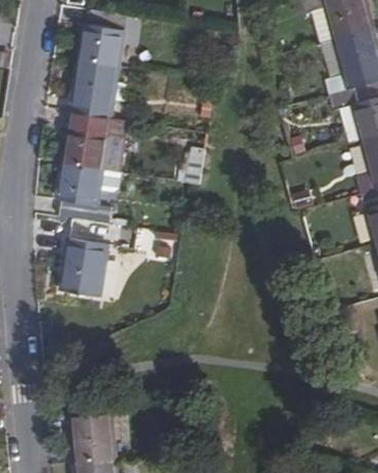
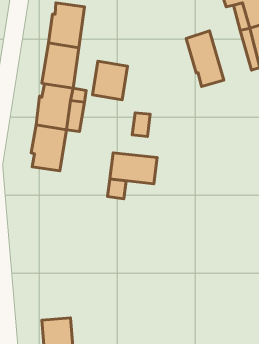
building: none -> [186,31,224,87]
building: none -> [92,61,128,100]
building: none -> [110,153,157,184]
building: [61,239,107,296] -> none

